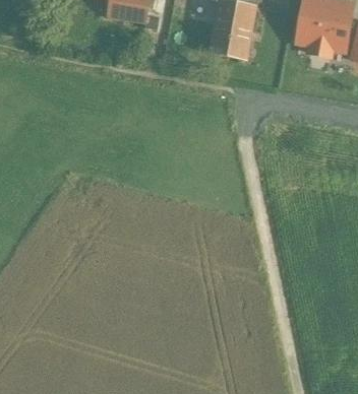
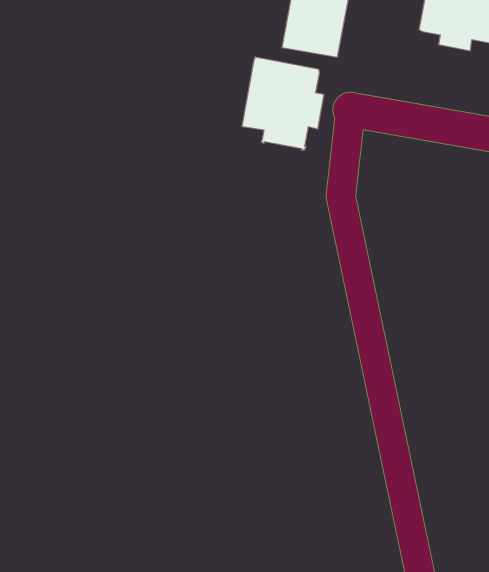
building: none -> [242,57,324,150]

